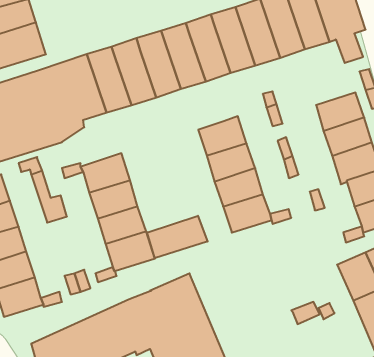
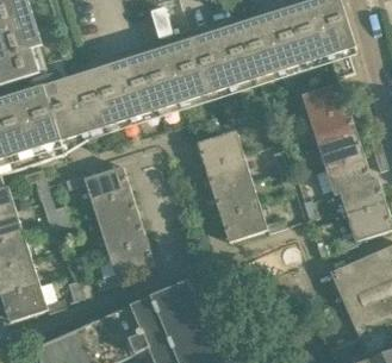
building: none -> [300,81,347,118]
building: [147,216,208,258] -> none

